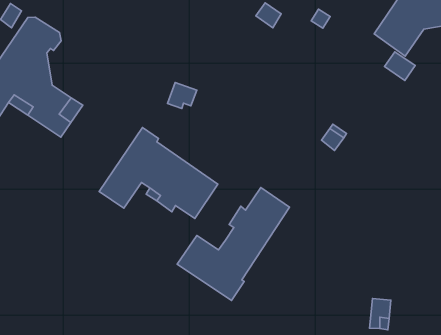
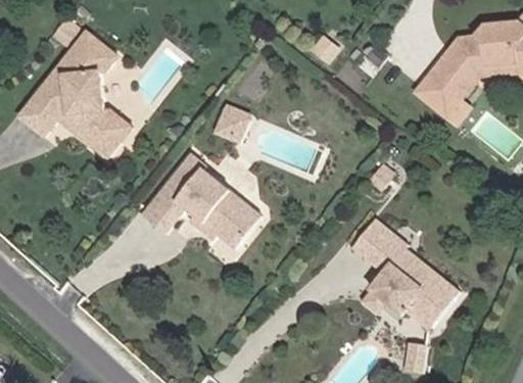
building: none -> [351,218,460,330]
building: [177,188,290,301] -> none

